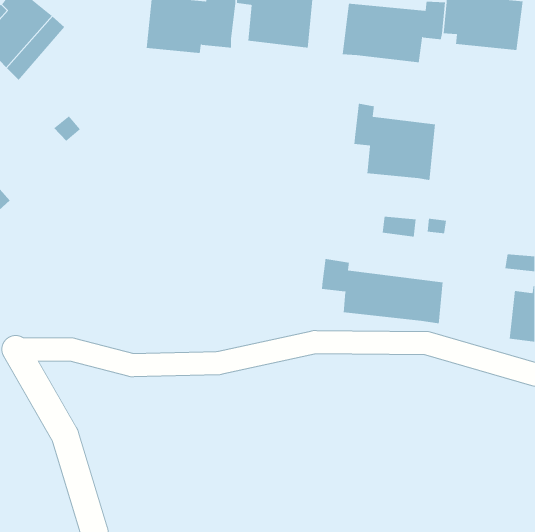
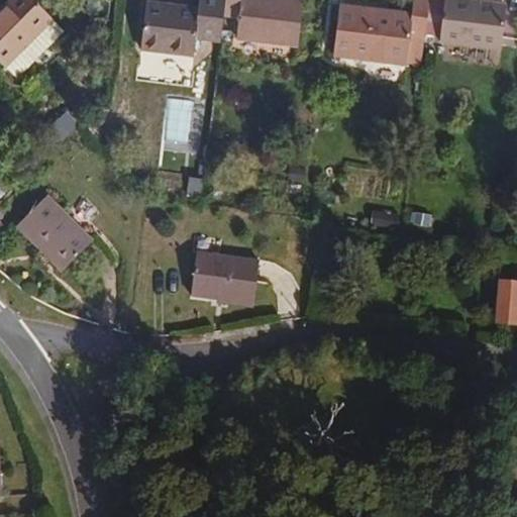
building: [354,103,435,181] -> none
building: none -> [16,193,94,271]
building: [322,258,443,324] -> none
building: none -> [186,249,260,305]

